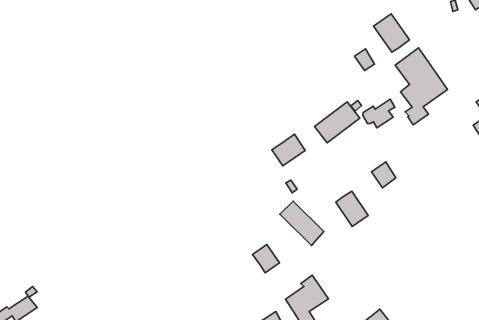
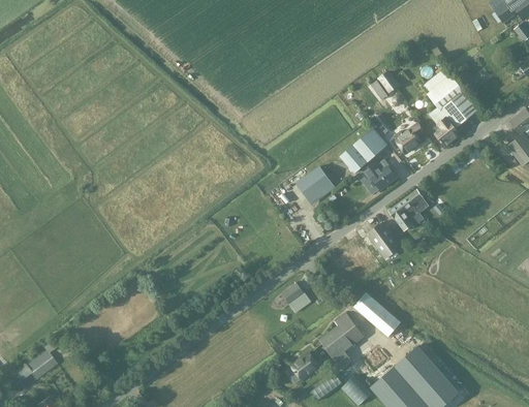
building: [373,14,409,52] -> none
building: none -> [364,160,396,188]
building: none -> [388,200,415,231]
building: [280,201,324,245] -> [353,292,401,338]

